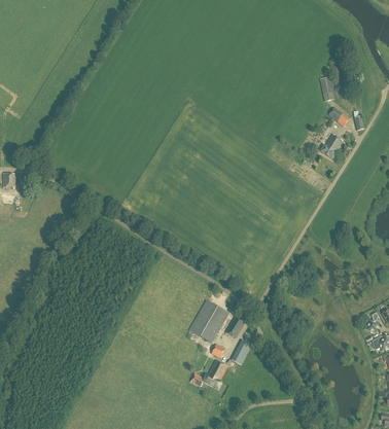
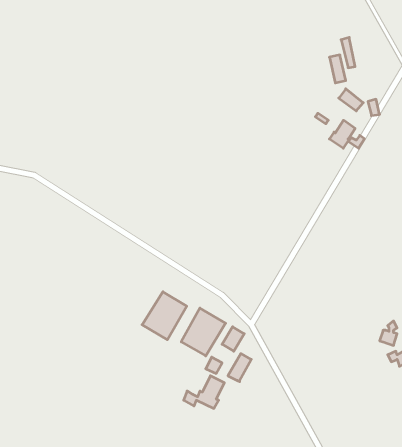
building: none -> [142,292,187,340]

